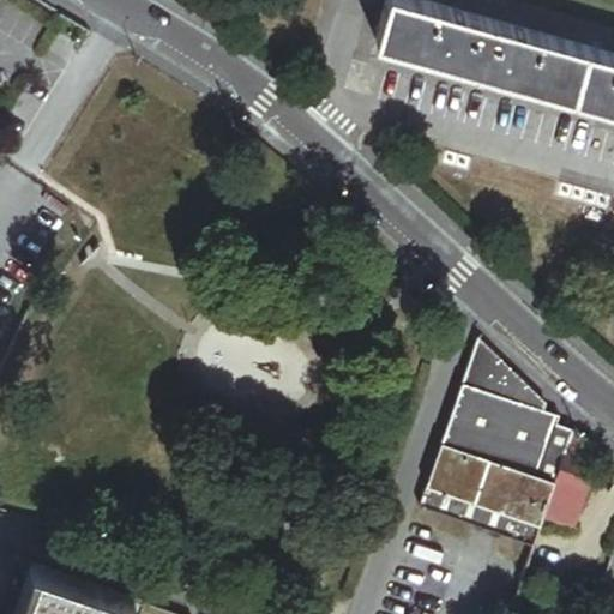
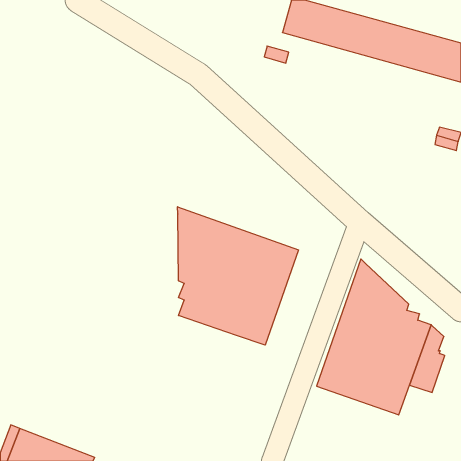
building: none -> [178,207,299,345]

